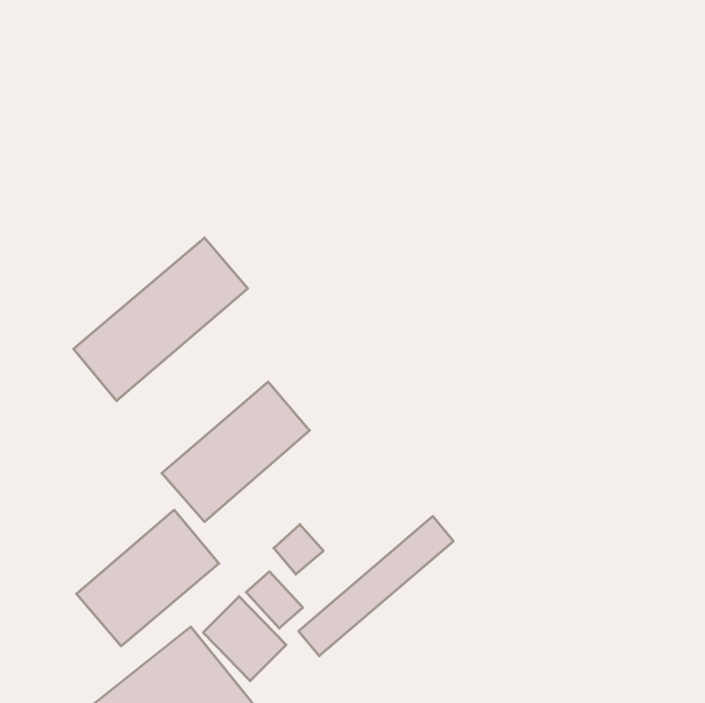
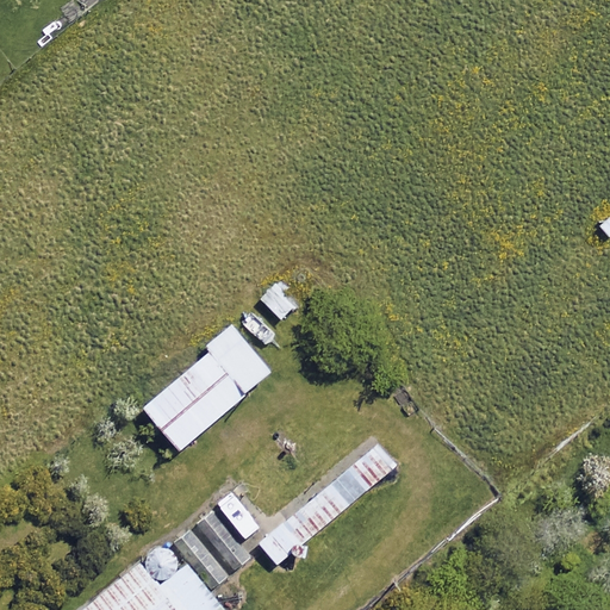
building: [74,238,248,401] -> none
building: [76,510,219,646] -> none

